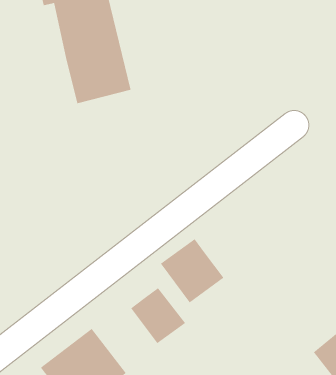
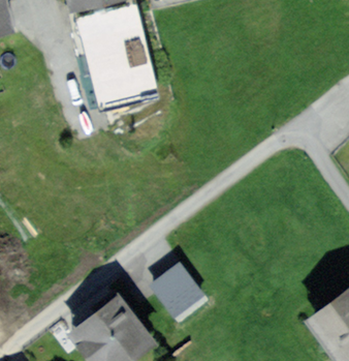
building: [160,238,224,303] -> none

